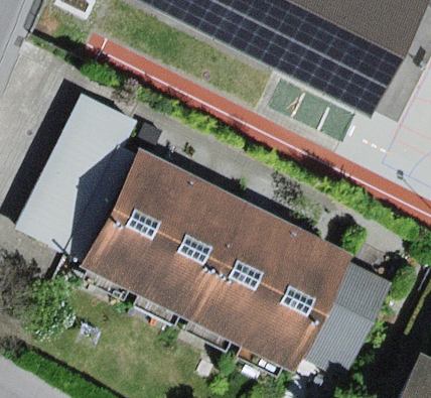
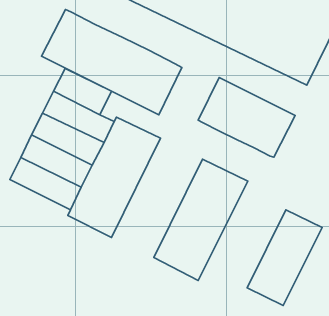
building: none -> [41,10,182,115]
building: none -> [198,78,295,157]
building: [139,175,248,318] -> none
building: [243,227,352,370] -> none

